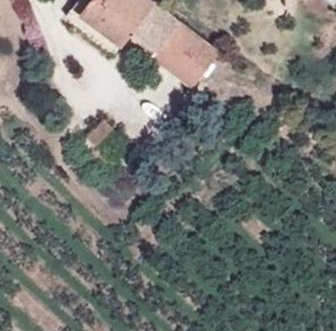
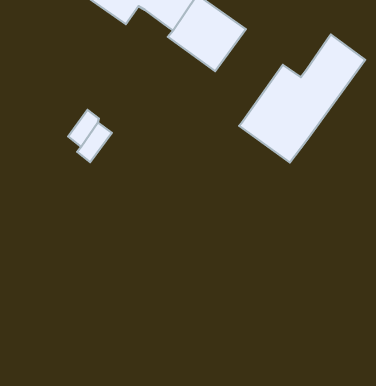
building: none -> [239,35,365,163]

